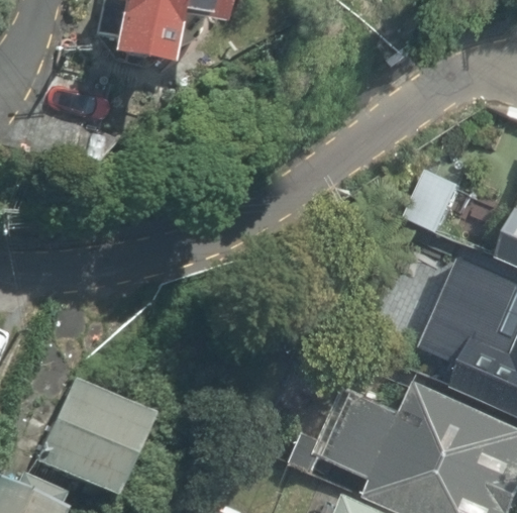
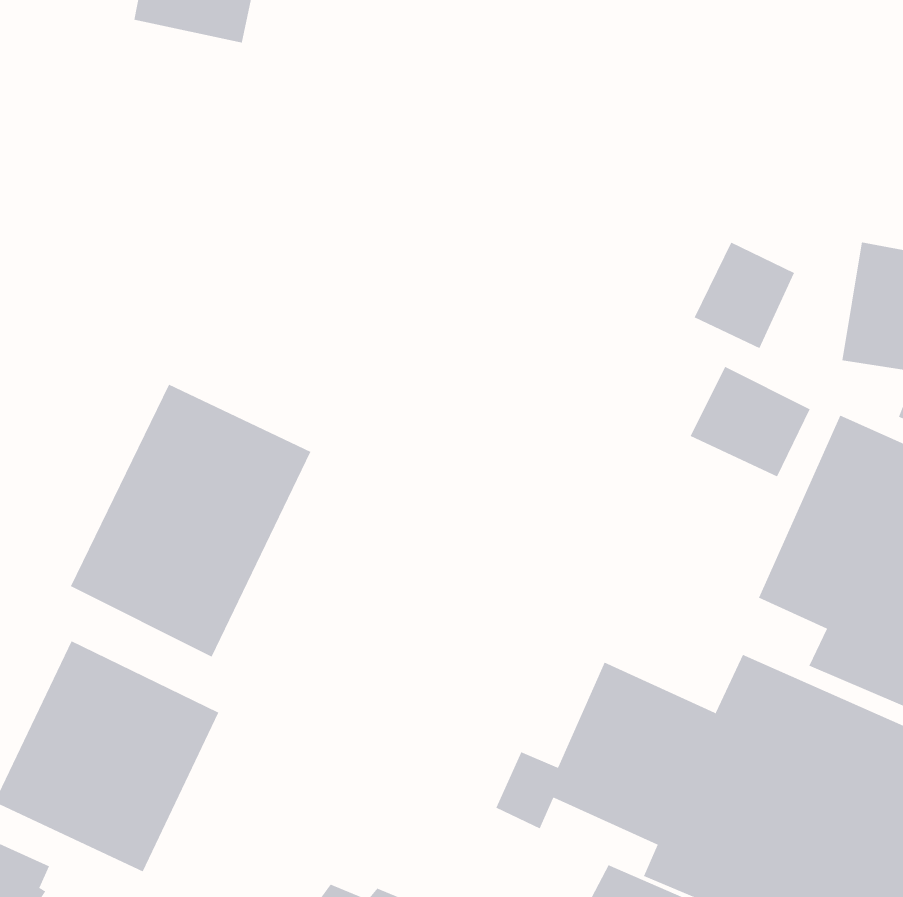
building: none -> [70,384,311,657]

